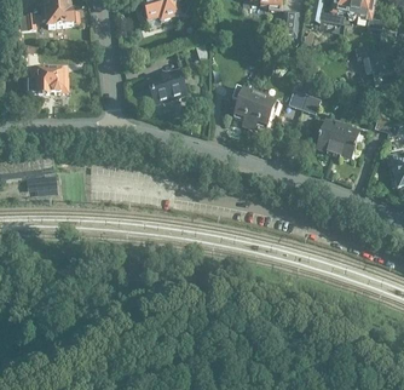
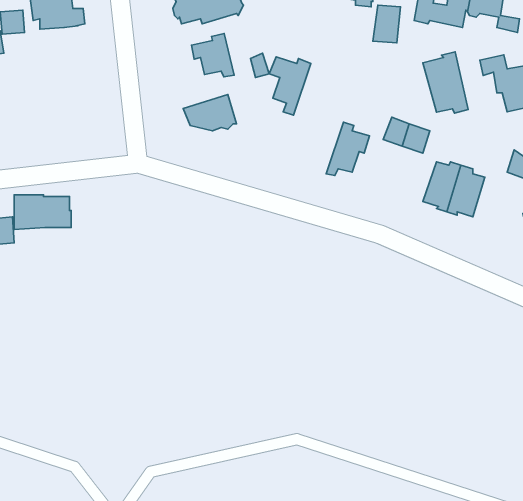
building: none -> [192,33,234,77]
building: none -> [423,52,468,113]
building: [28,70,68,94] -> [14,195,71,229]
building: [231,87,260,128] -> [269,57,311,115]

